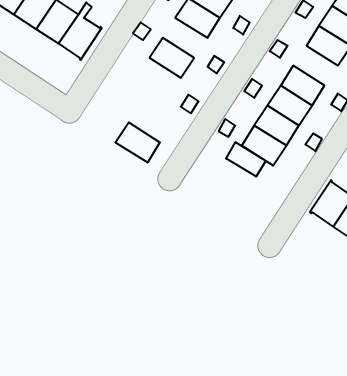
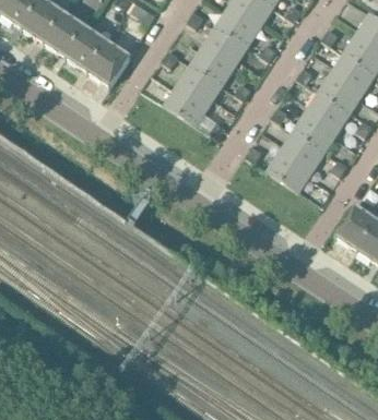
building: none -> [191,46,235,85]
building: none -> [319,73,363,112]
building: [115,122,160,162] -> [165,85,209,124]
building: [226,142,266,177] -> none

